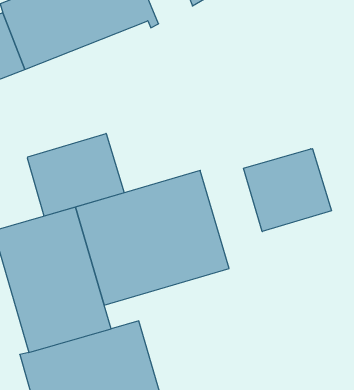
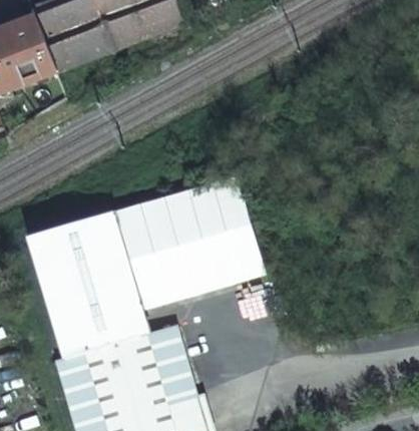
building: [27,133,124,216] -> none
building: [244,149,331,232] -> none

